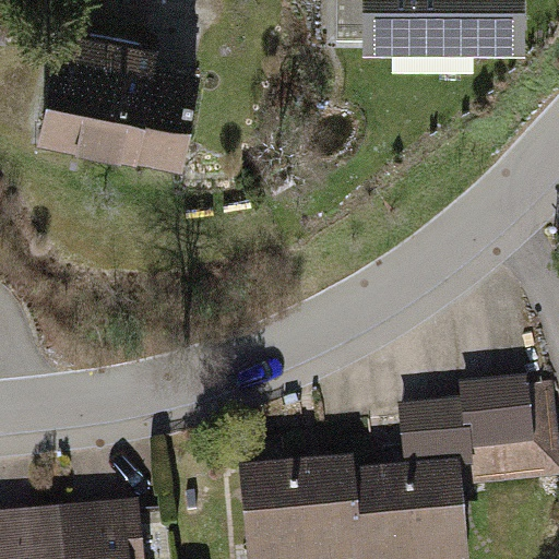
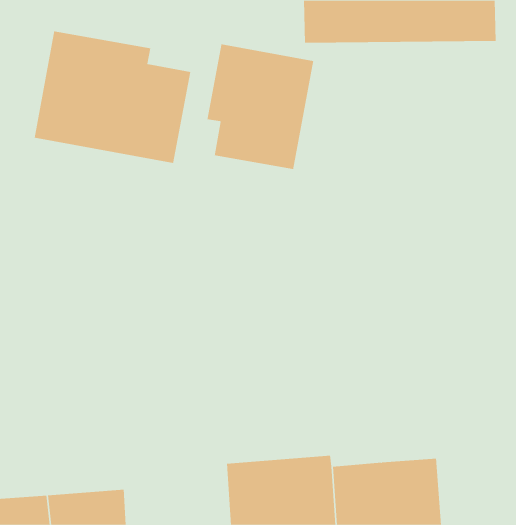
building: none -> [207,43,314,170]
building: [401,401,527,491] -> none

